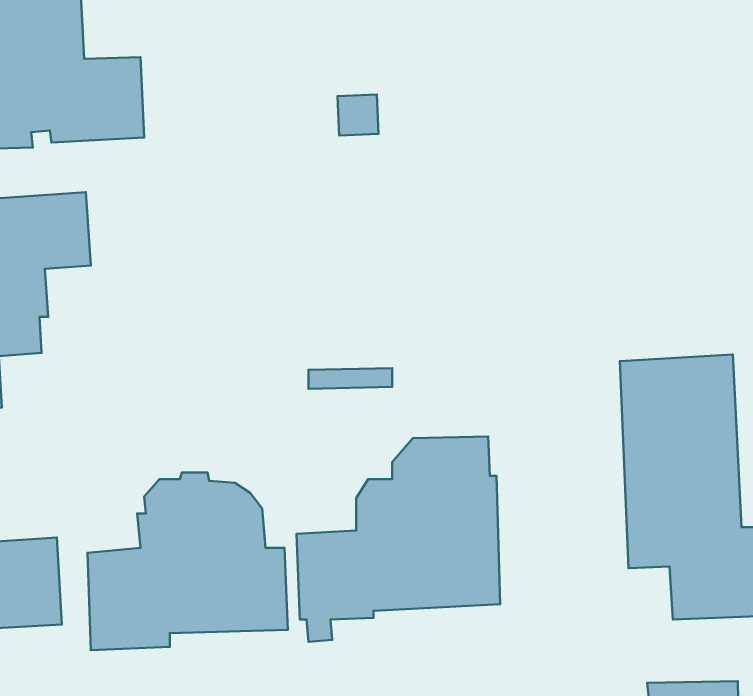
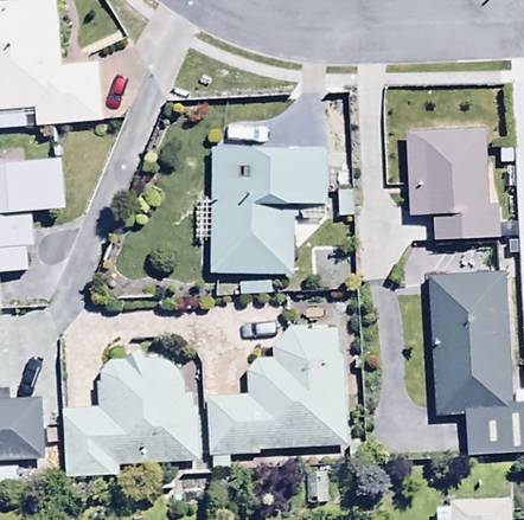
building: none -> [407,127,503,239]
building: none -> [210,145,326,272]

